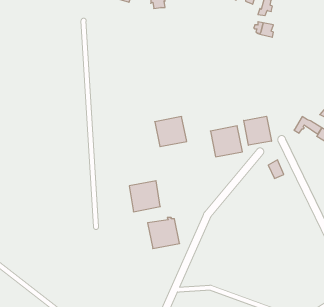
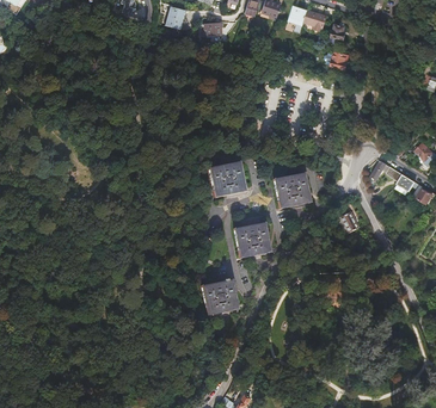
building: [244,116,271,145] -> none
building: [129,181,160,212] -> [234,222,270,258]

